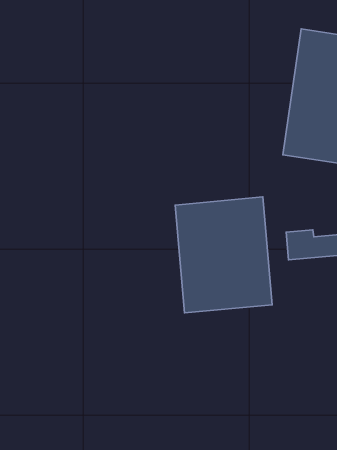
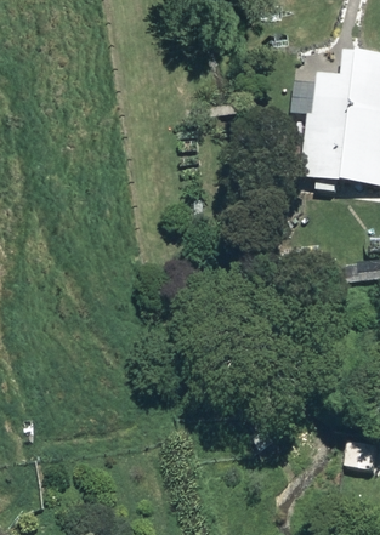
building: [175,197,272,313] -> none

